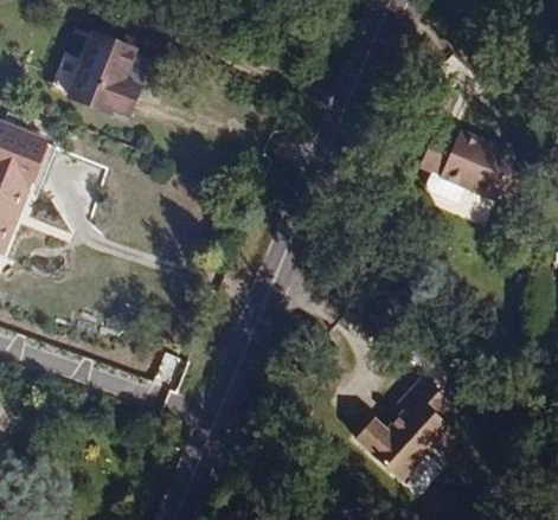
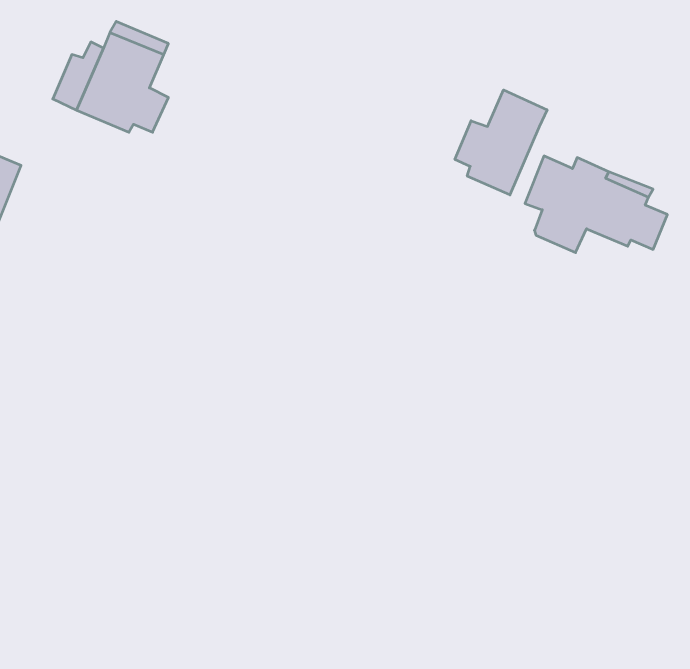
building: none -> [455,90,547,195]
building: [354,391,463,490] -> none

